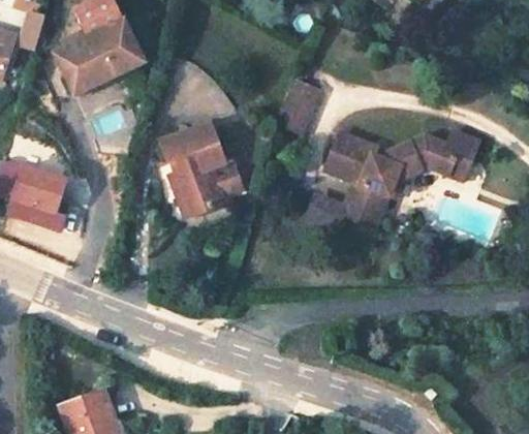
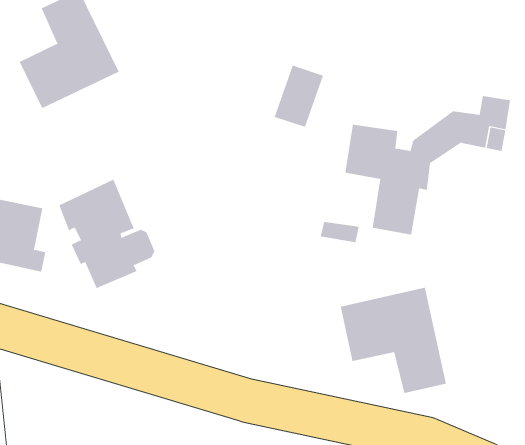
building: [154,124,231,215] -> [58,179,155,289]
building: none -> [340,287,447,394]

